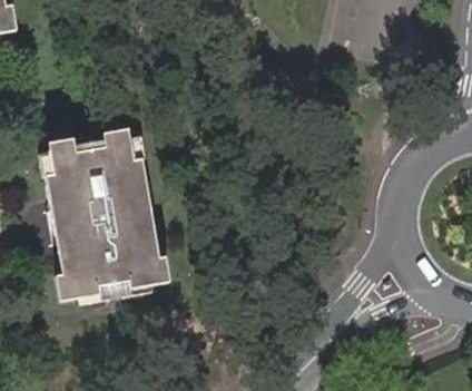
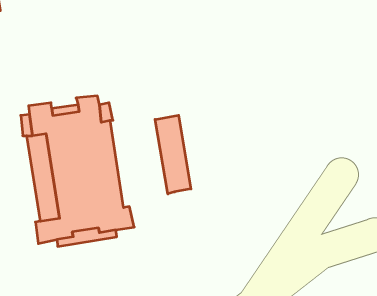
building: none -> [155,115,191,194]

